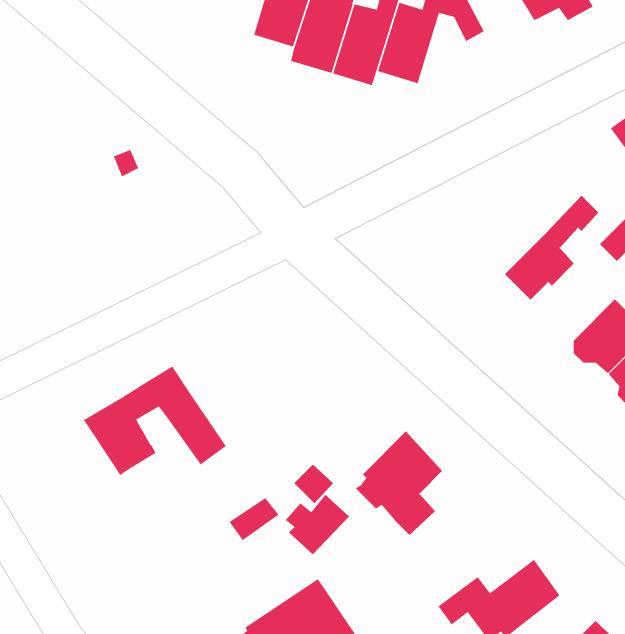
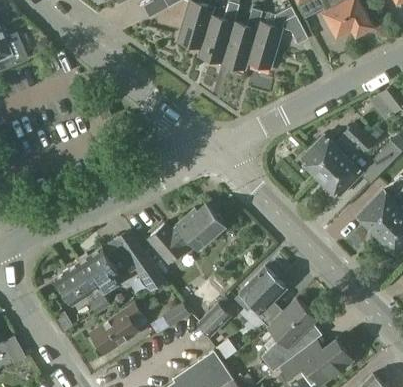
building: none -> [304,124,364,178]
building: none -> [148,205,224,262]
building: none -> [58,261,110,314]
building: none -> [259,300,315,373]
building: none -> [90,303,141,354]

